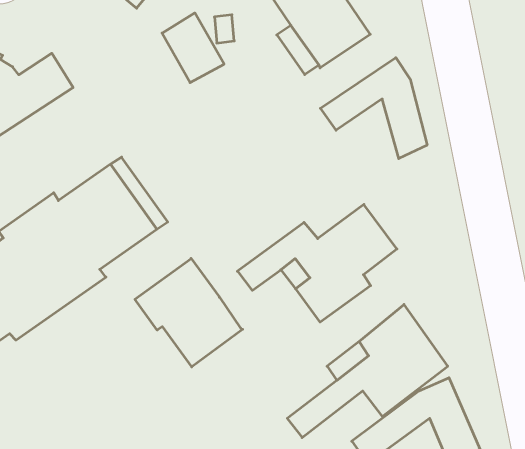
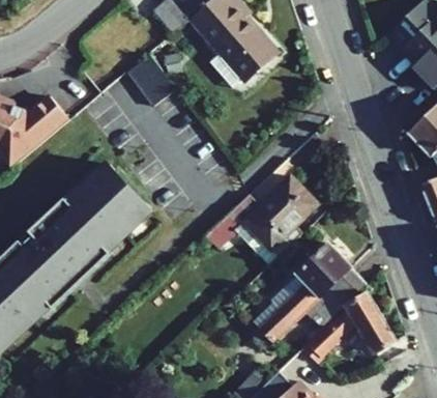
building: [320,58,427,159] -> none
building: [135,258,243,367] -> none

